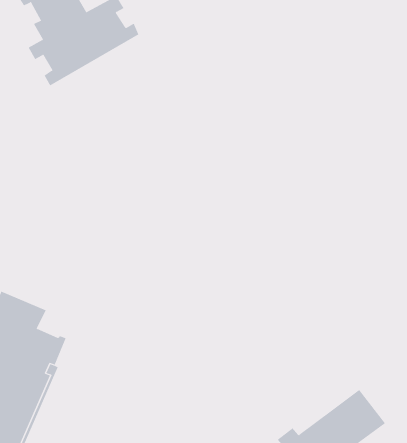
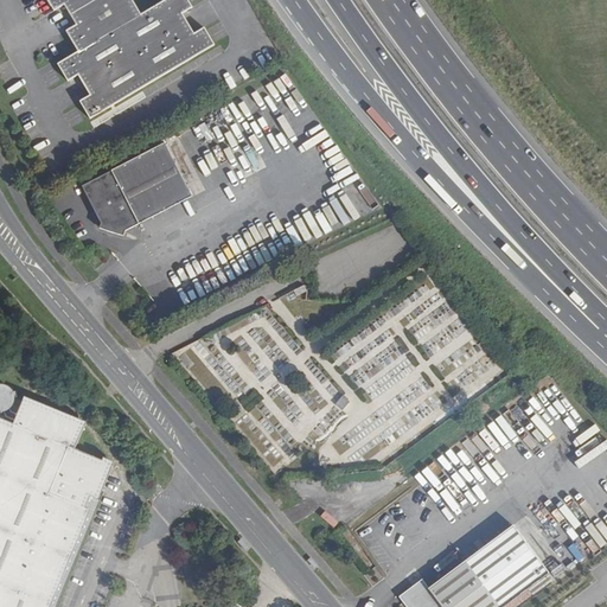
building: none -> [79,140,186,231]

